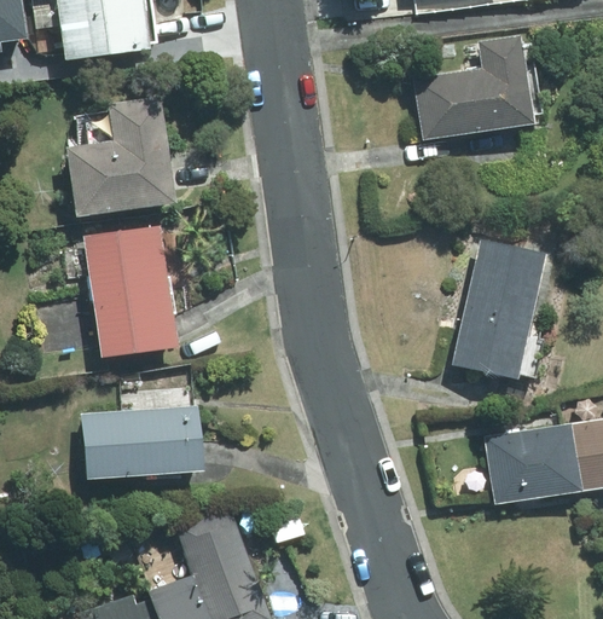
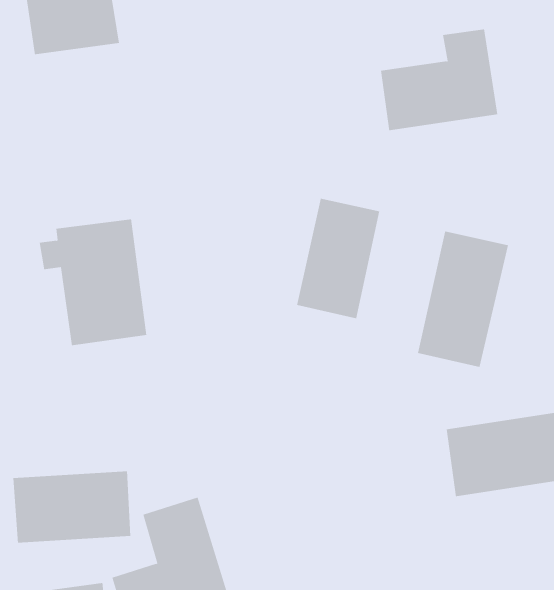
building: [66,96,176,214] -> none
building: none -> [296,198,380,319]
building: [77,406,198,480] -> [12,471,131,543]

